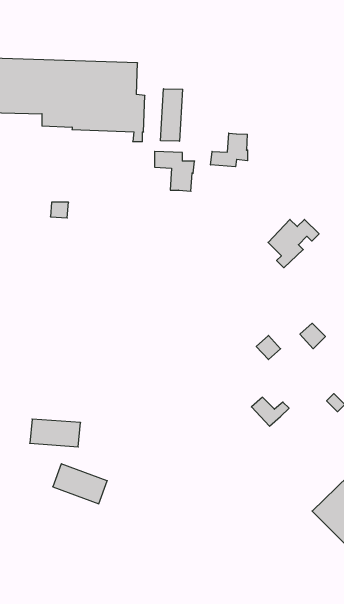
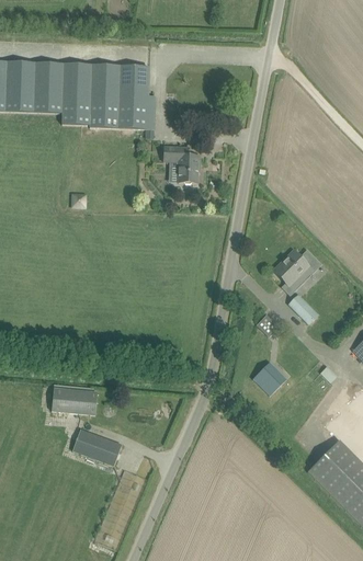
building: [161,89,183,141] -> none
building: [211,133,248,167] -> none
building: [268,219,319,268] -> [274,249,320,293]

